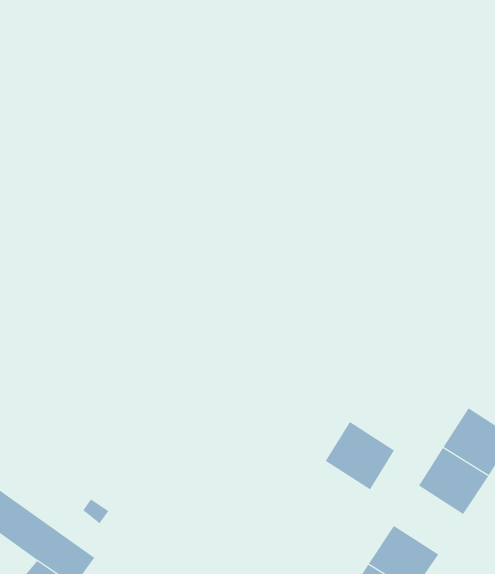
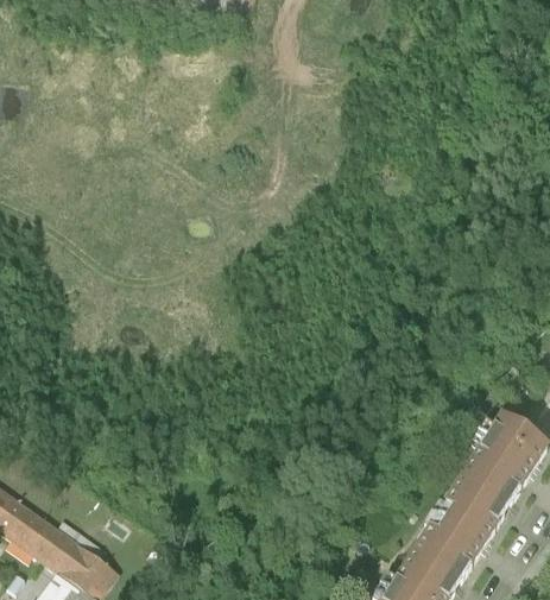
building: [325,421,395,490] -> [423,498,494,568]

